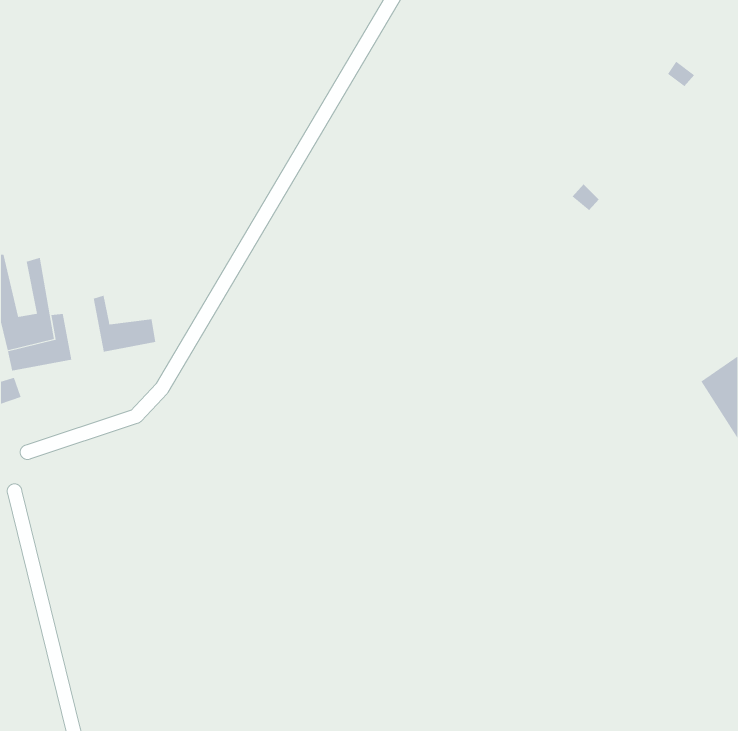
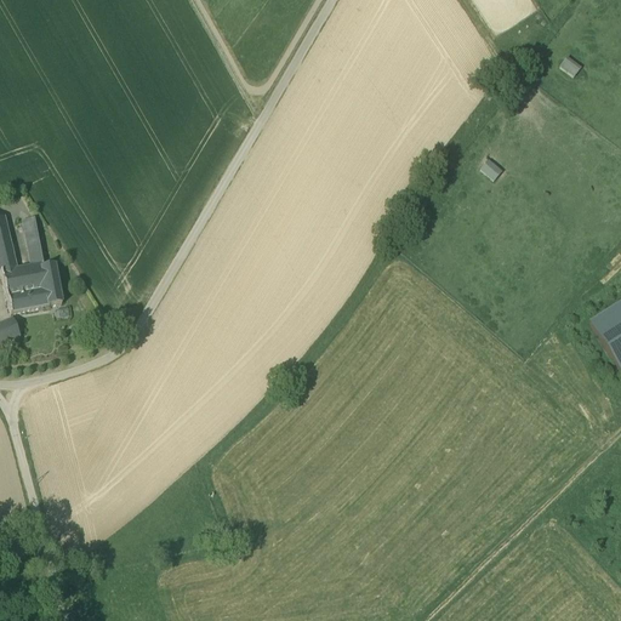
building: [93,295,156,353] -> none

